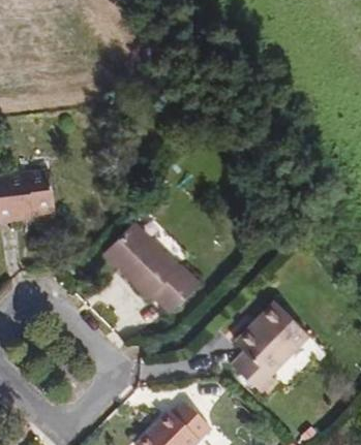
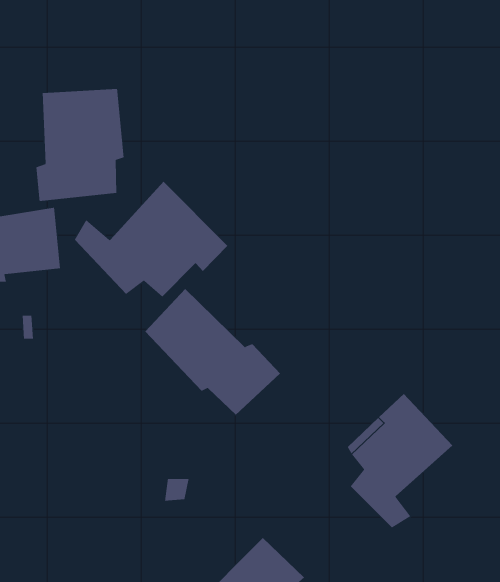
building: none -> [36,88,124,202]
building: none -> [74,181,228,298]

